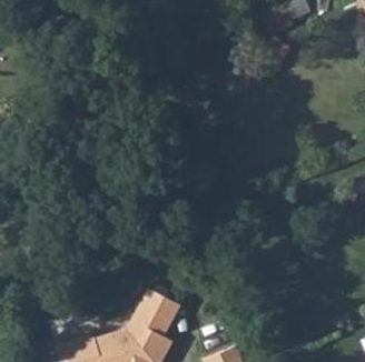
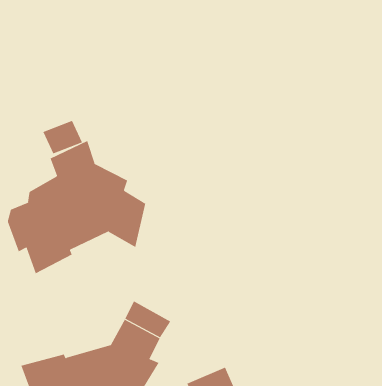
building: none -> [7,140,146,274]

